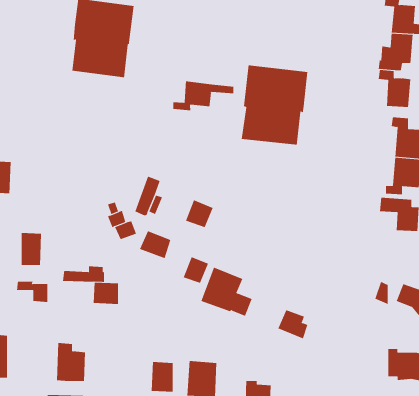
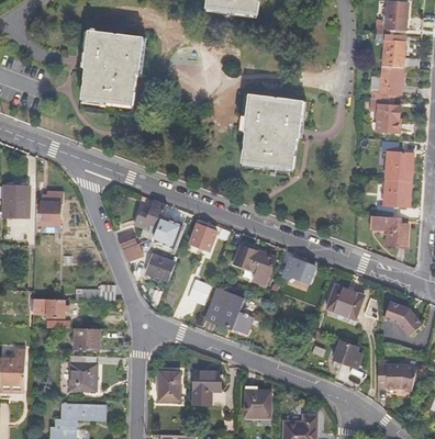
building: [173,81,234,111] -> none
building: none -> [234,244,275,283]
building: [21,232,42,266] -> [41,201,60,232]
building: none -> [285,255,315,280]
building: none -> [327,283,364,317]
building: [93,282,119,305] -> [75,327,99,348]
building: [278,310,308,339] -> [335,339,364,367]

